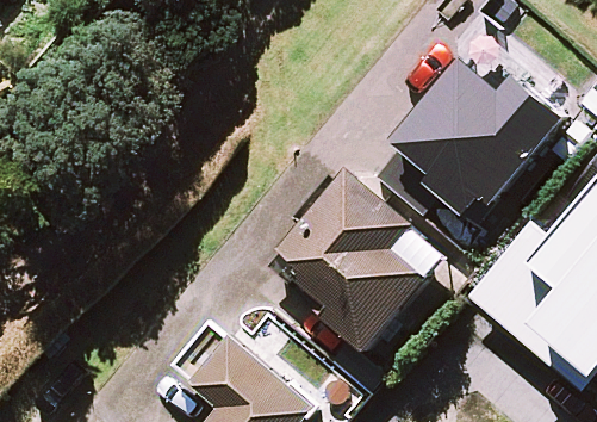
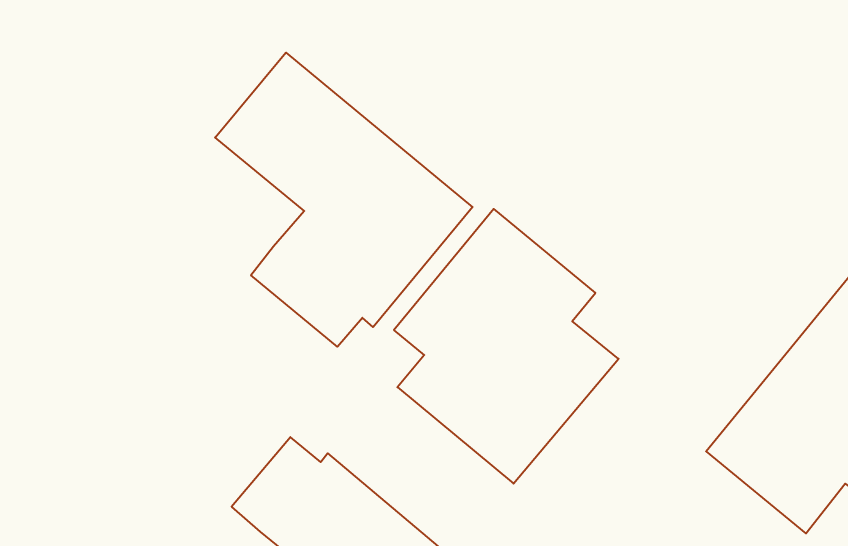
building: [391,61,561,216] -> none
building: none -> [215,53,473,347]

